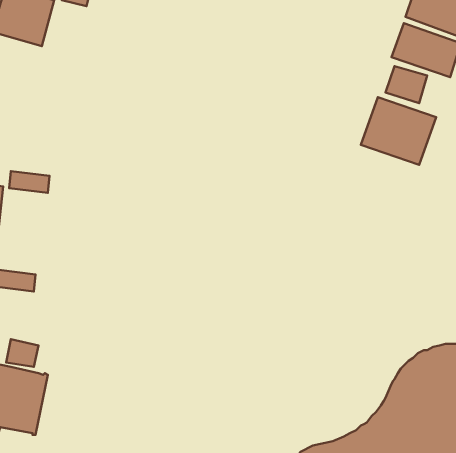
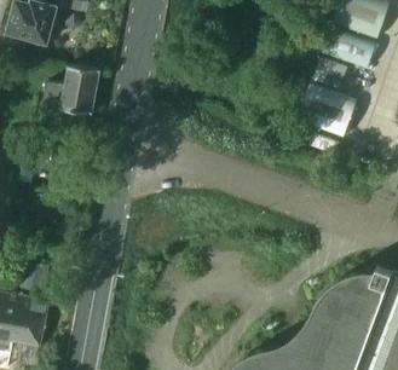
building: none -> [42,64,99,112]

